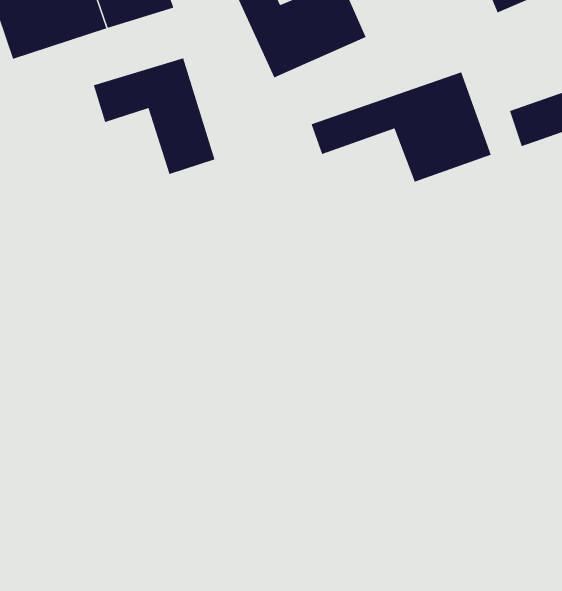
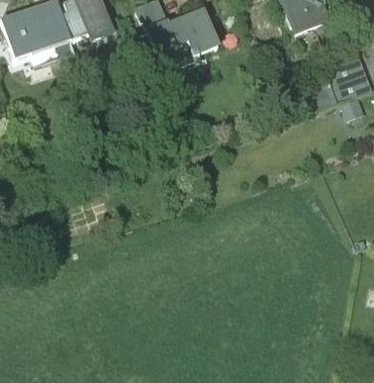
building: [93,57,215,175] -> none
building: [311,72,491,183] -> none

